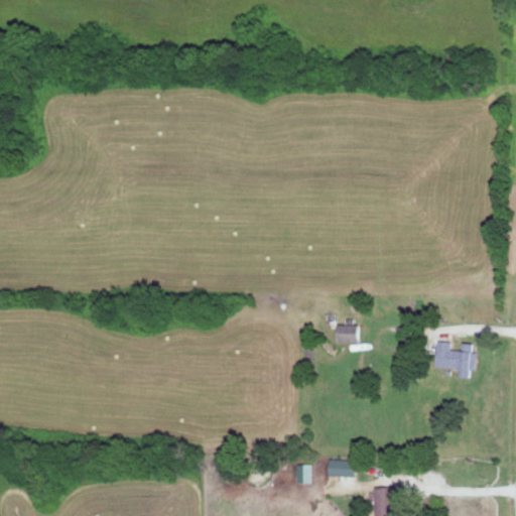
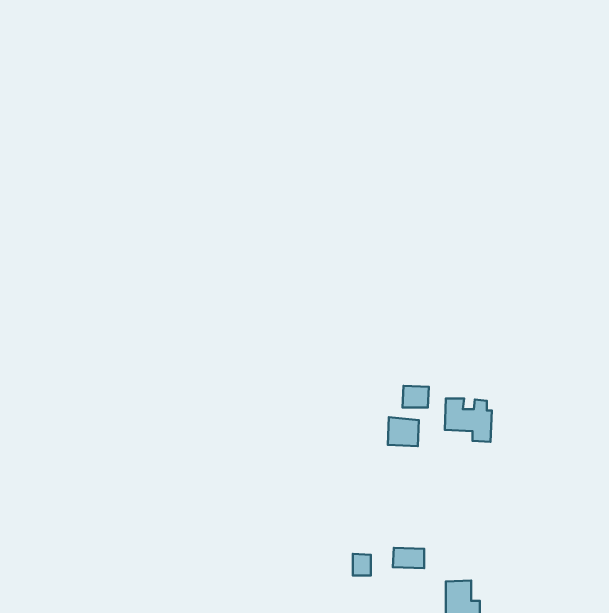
building: [433,343,473,379] -> [445,398,492,442]
building: none -> [388,417,419,446]

